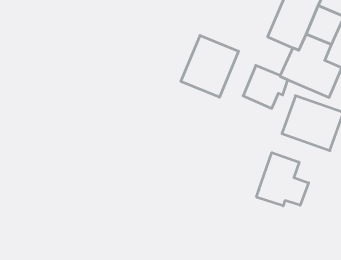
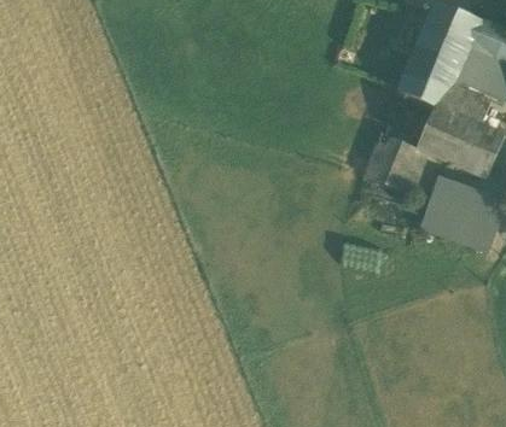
building: [181,35,239,97] -> none
building: [257,153,309,206] -> none

